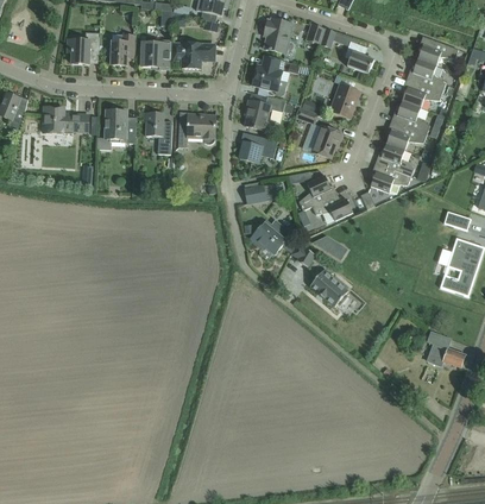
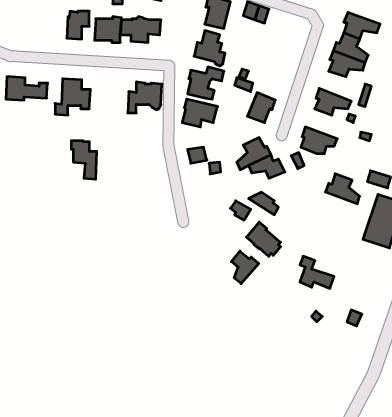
building: [67,32,99,64] -> none
building: [344,40,373,74] -> none
building: [328,83,359,119] -> none
building: [390,101,429,134] -> none
building: [143,112,171,155] -> [71,141,97,179]
building: [374,143,412,176] -> [325,174,360,204]
building: [250,219,291,254] -> none
building: none -> [231,251,259,284]
building: [427,332,465,367] -> [300,256,334,288]

